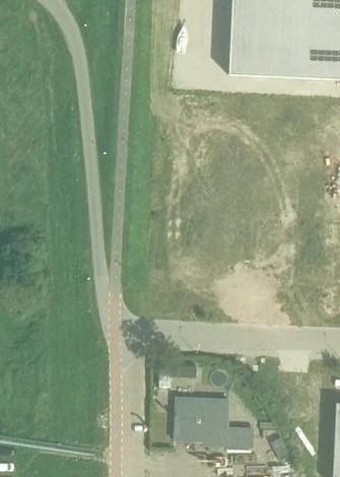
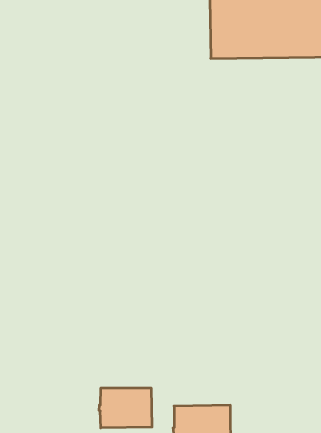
building: none -> [99,388,152,428]

